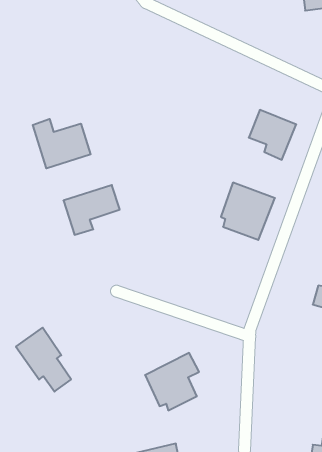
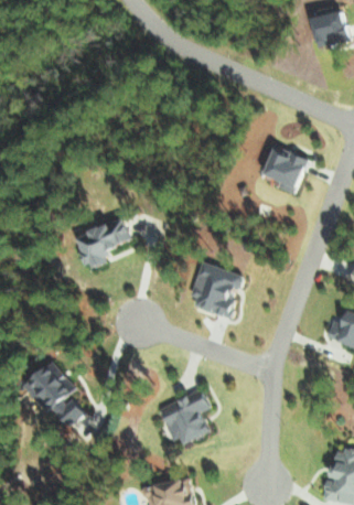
building: [33,119,91,168] -> none
building: [221,183,275,240] -> [190,261,244,319]

